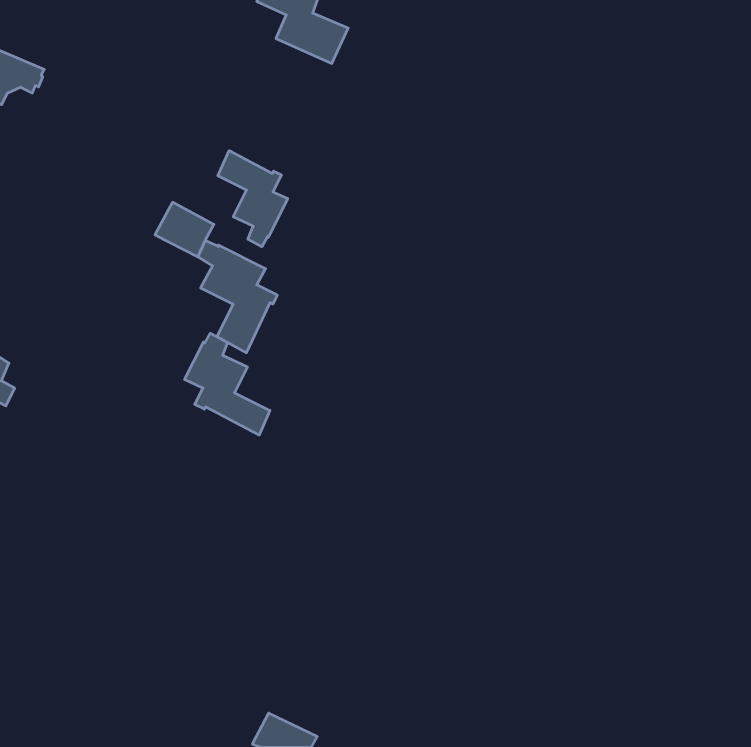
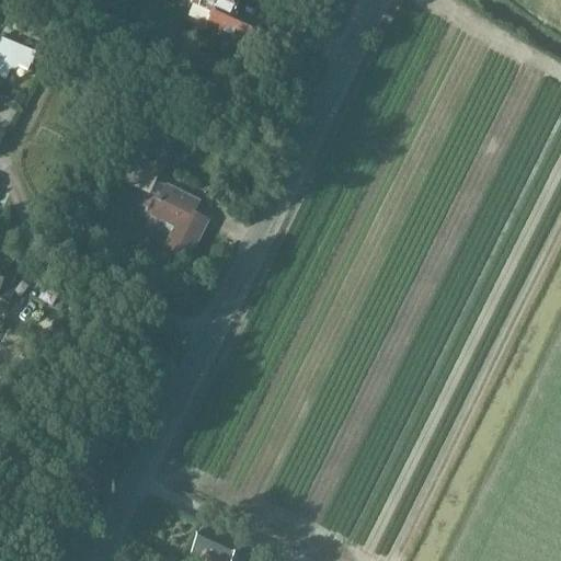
building: [218,151,288,247] -> none
building: [185,333,270,435] -> none

